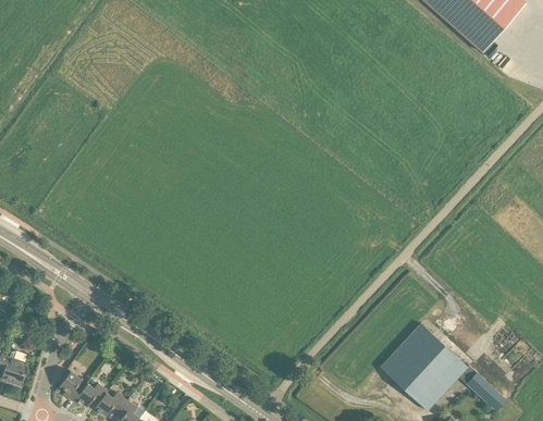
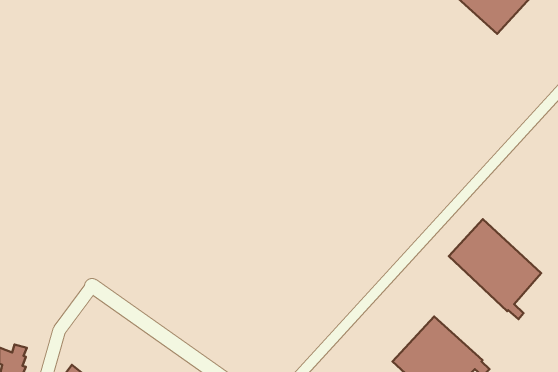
building: none -> [449,219,541,319]

